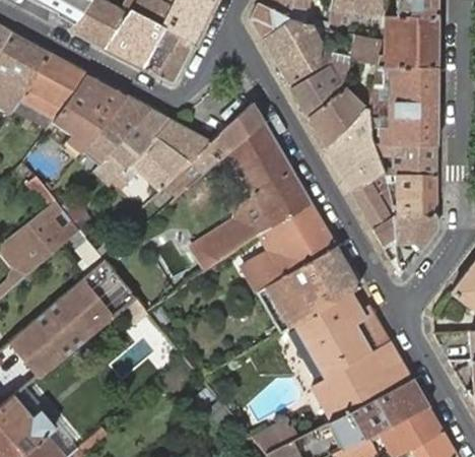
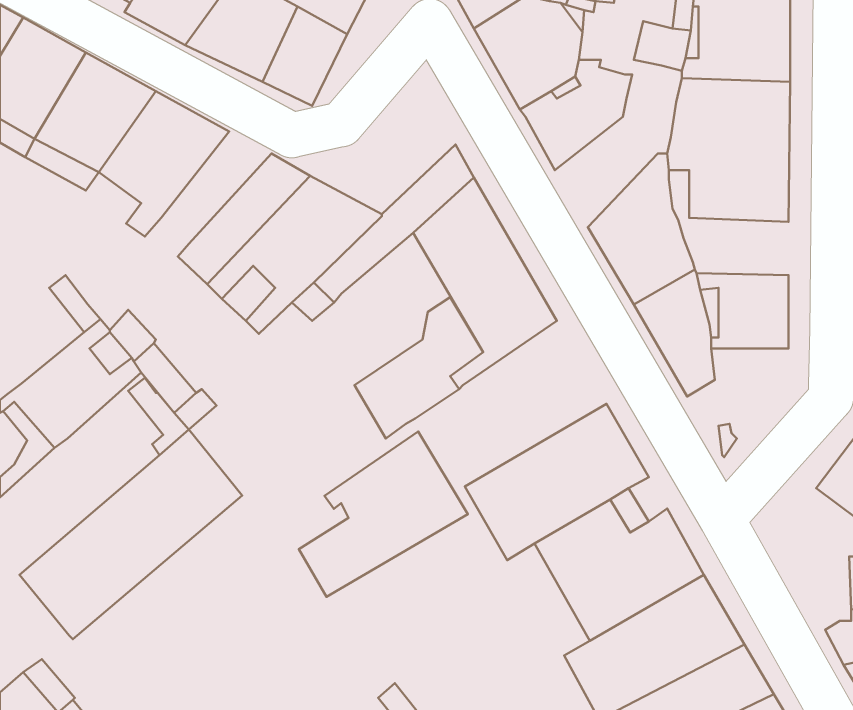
building: [307,87,363,148] -> none
building: [89,95,150,157] -> none
building: [375,143,435,175] -> none
building: [242,200,335,291] -> [299,431,468,597]
building: [393,215,435,249] -> none

